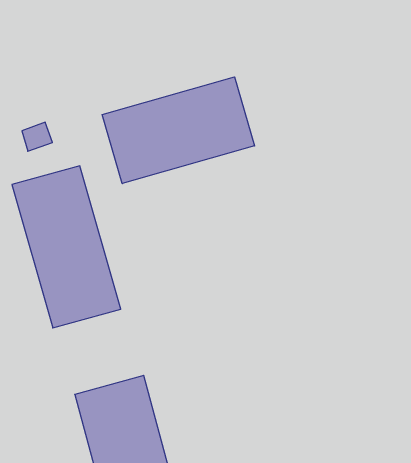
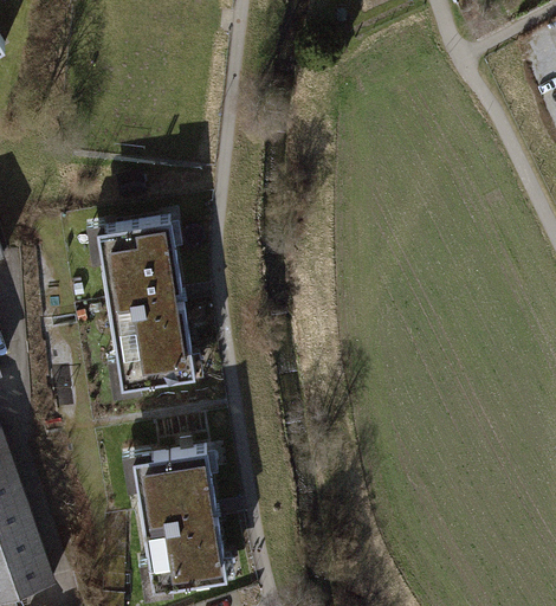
building: [102,77,255,184] -> none

